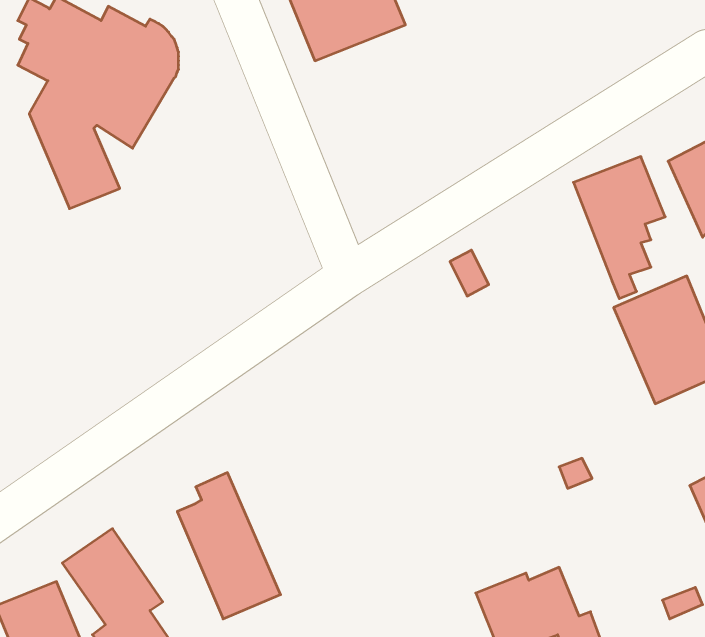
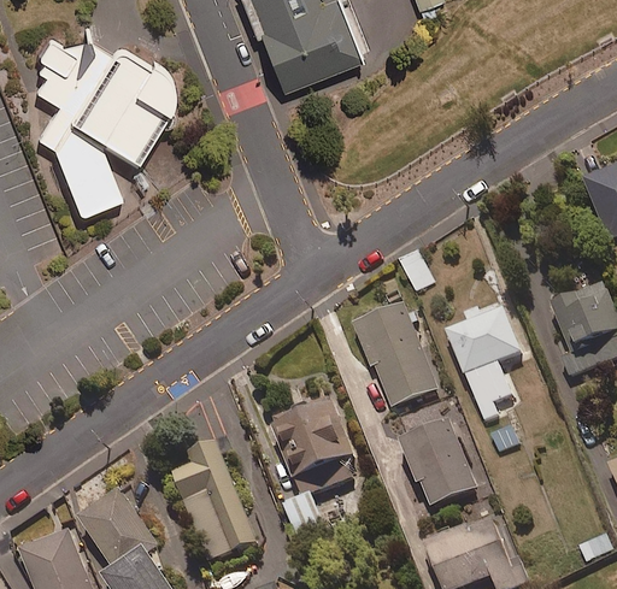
building: [573,157,665,299] -> [446,304,523,423]
building: none -> [348,299,439,406]
building: none -> [268,396,359,535]
building: none -> [399,414,480,506]

